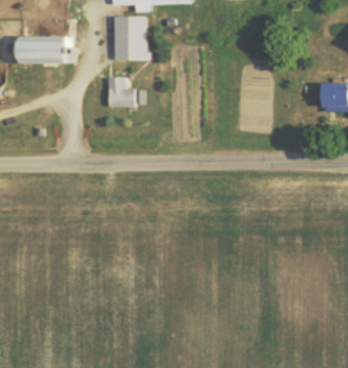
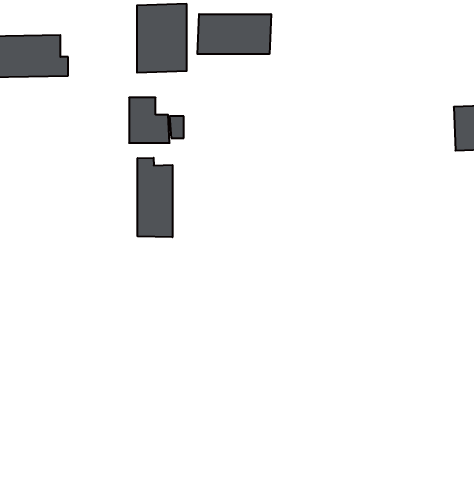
building: none -> [197,14,271,54]
building: none -> [138,158,172,237]

